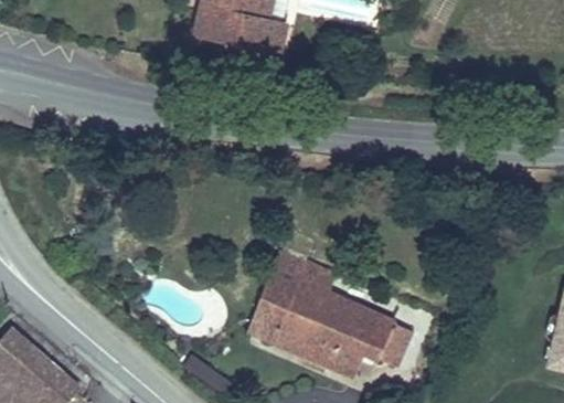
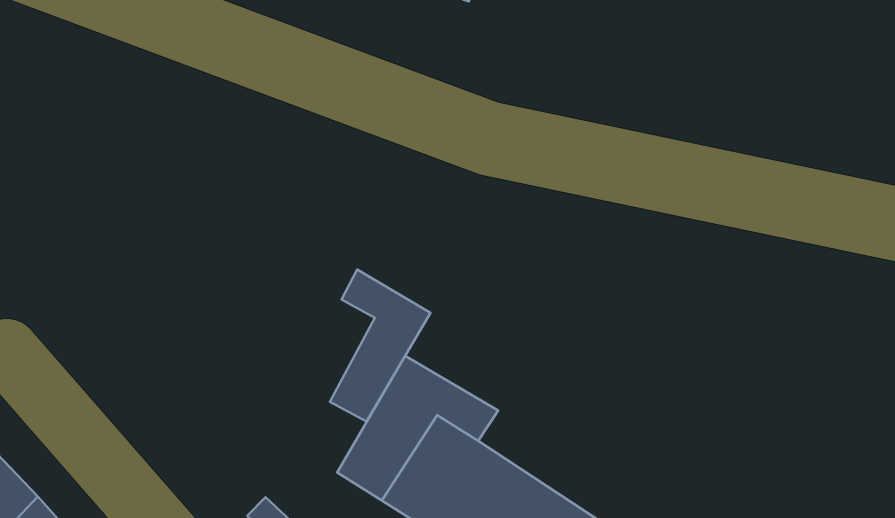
building: none -> [330,270,431,421]

